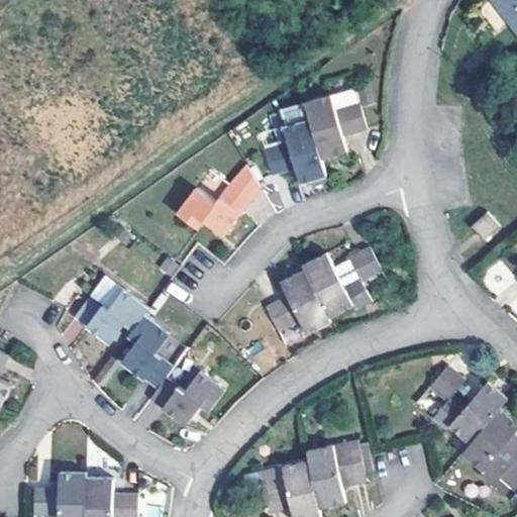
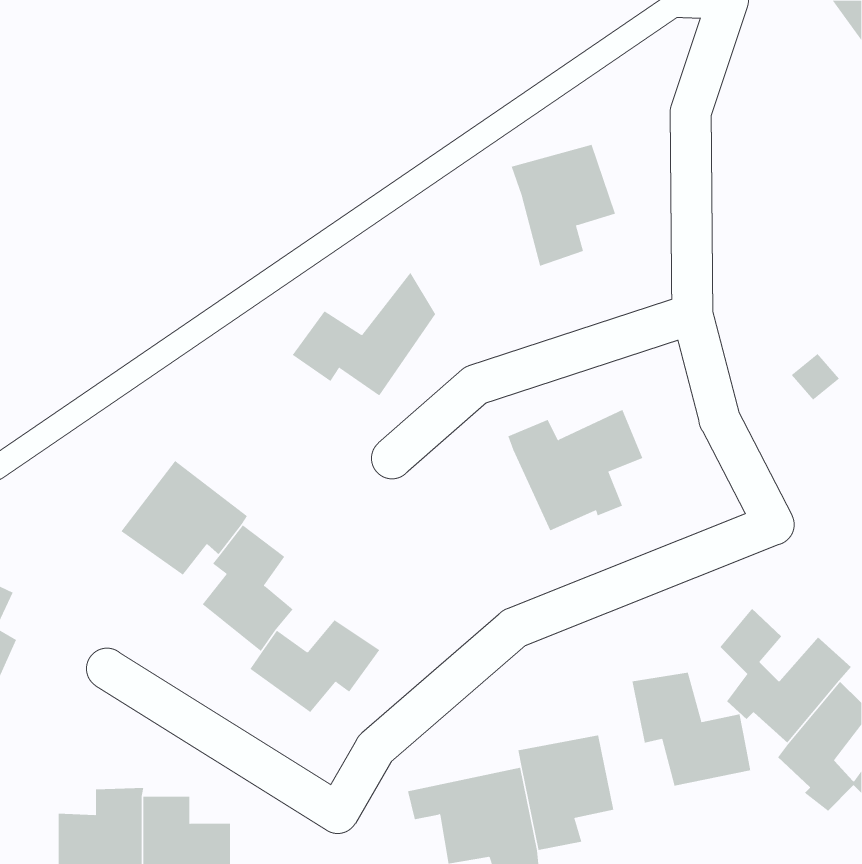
building: [262,118,326,185] -> none
building: [265,270,330,335] -> none
building: none -> [632,672,751,787]

